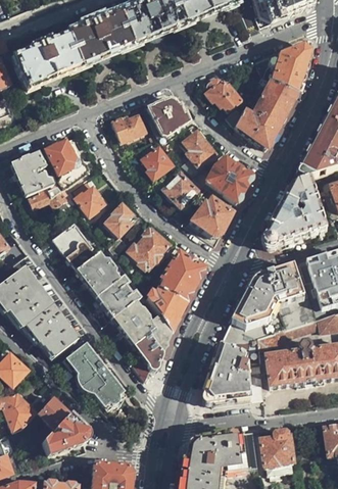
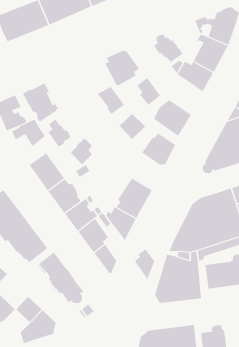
building: [112,112,147,139] -> none
building: [127,230,166,268] -> none
building: [144,313,170,352] -> [134,249,155,281]

